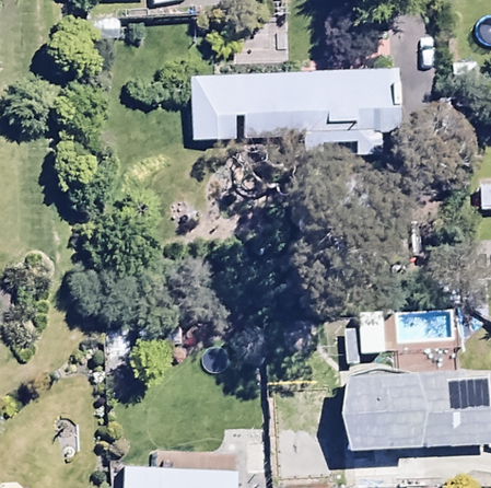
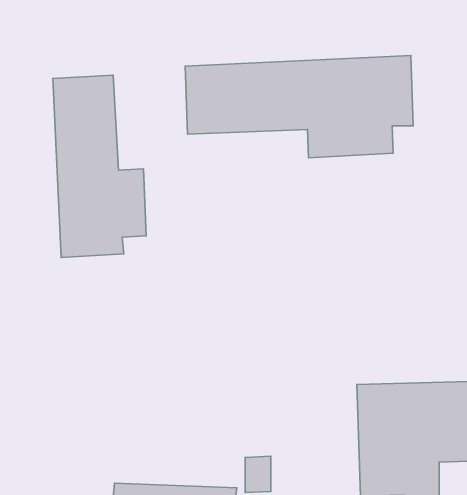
building: none -> [53,75,146,258]

